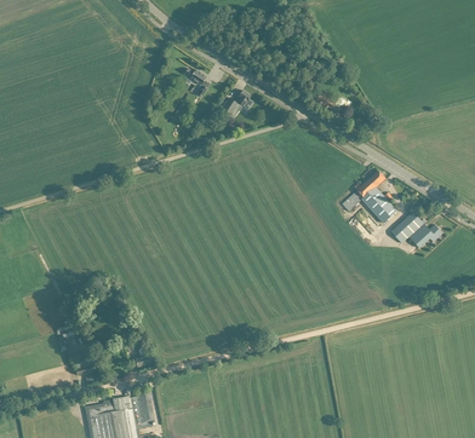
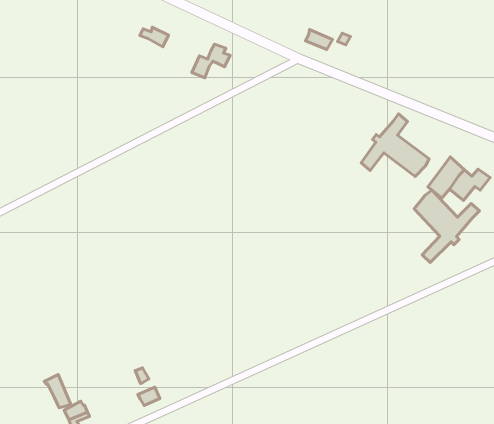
building: none -> [414,190,480,262]

